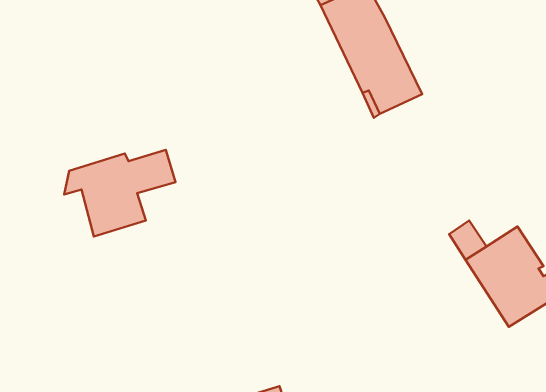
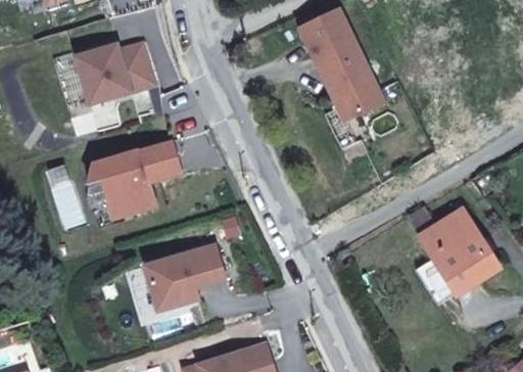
building: none -> [74,43,154,105]
building: none -> [143,244,225,312]

